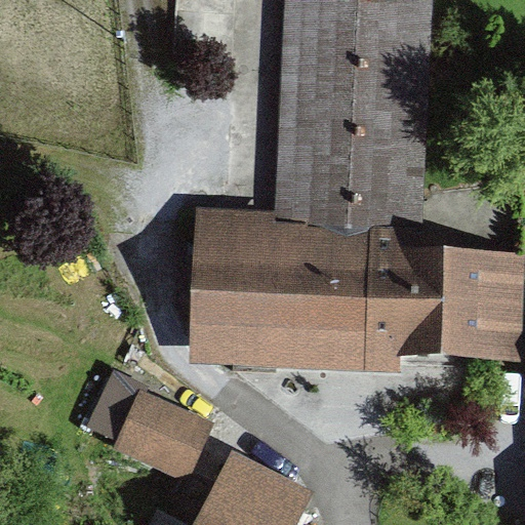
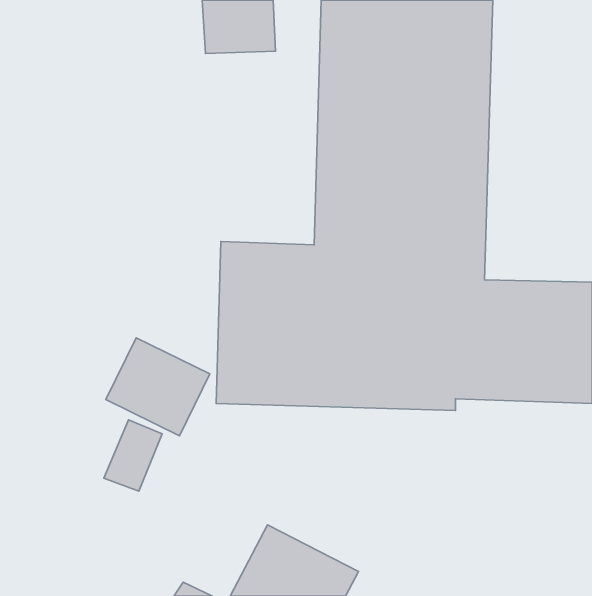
building: [117,395,208,481] -> [106,338,210,436]

